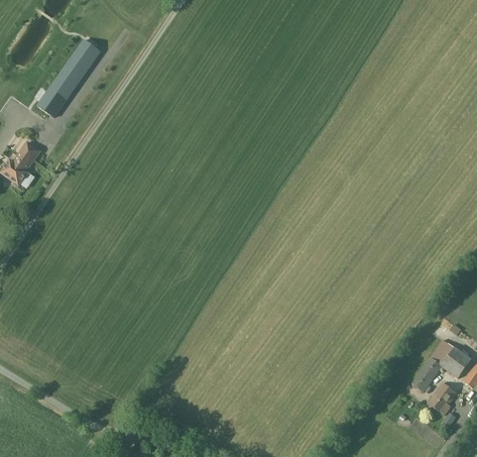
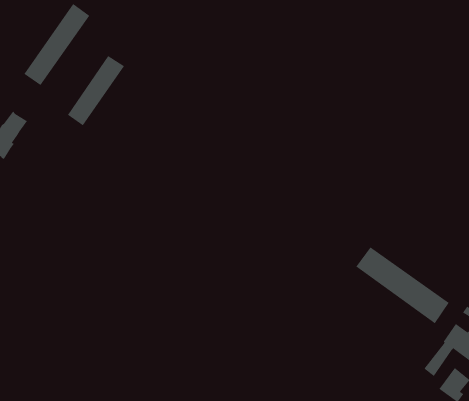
building: none -> [67,55,125,126]
building: none -> [356,247,449,324]

